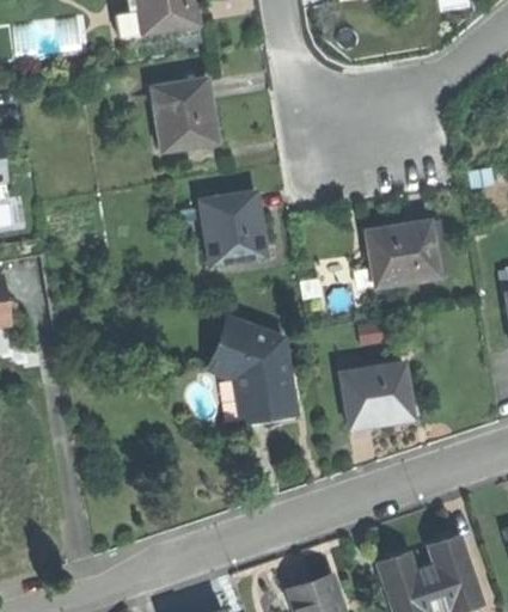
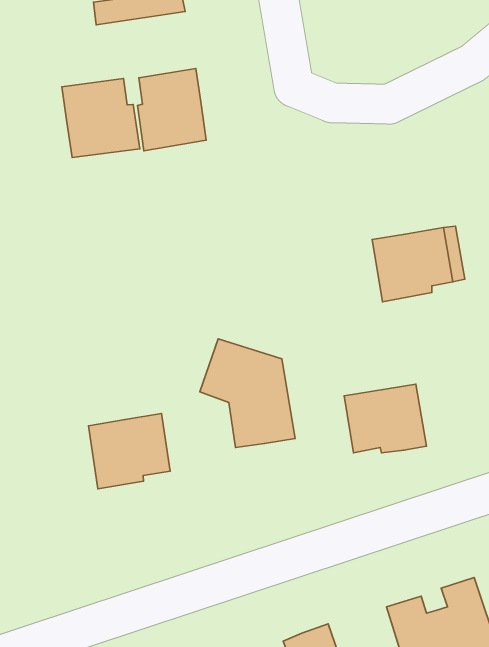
building: none -> [62,79,140,158]
building: [202,191,265,262] -> none
building: none -> [89,414,170,489]

